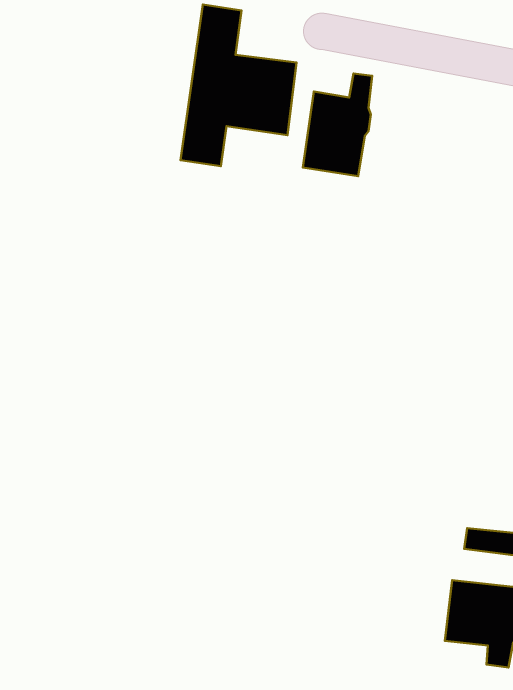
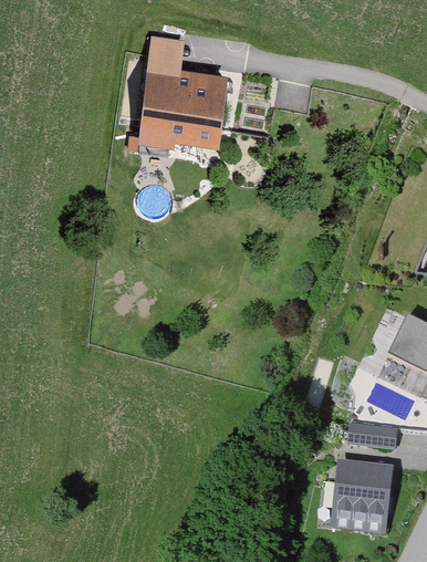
building: [303,74,372,176] -> none

